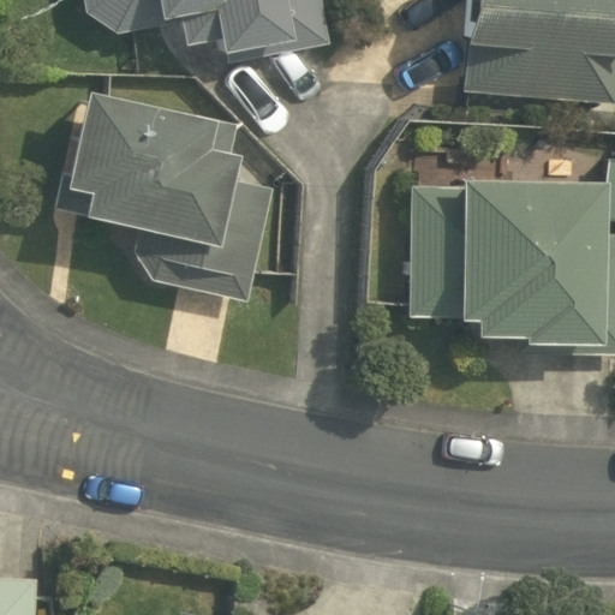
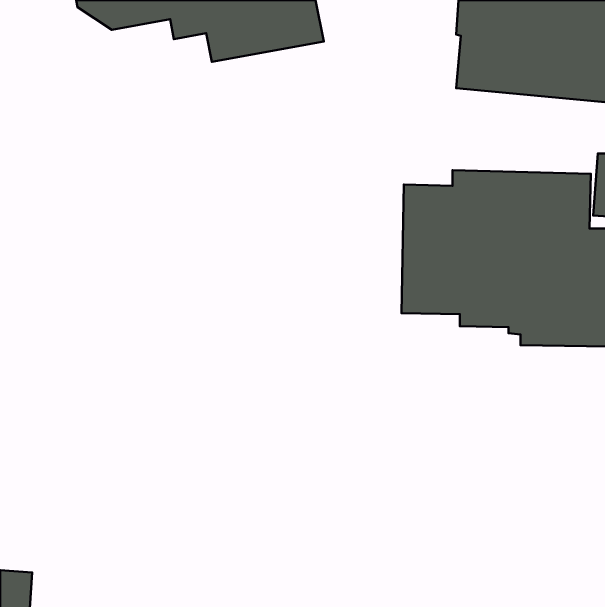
building: [64,85,273,299] -> none

